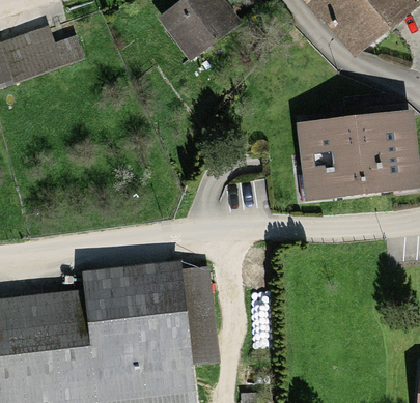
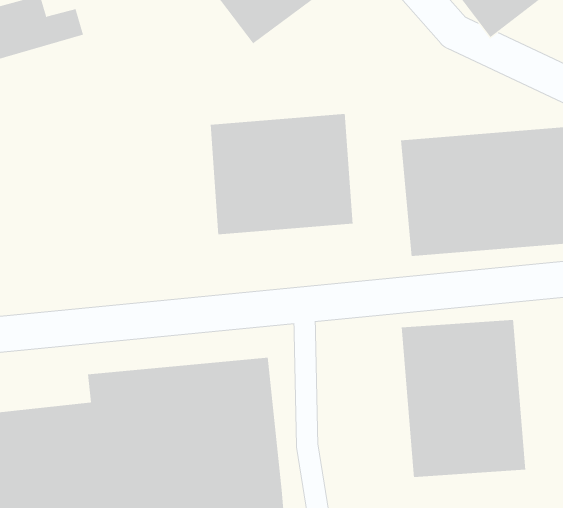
building: none -> [210,113,353,235]
building: none -> [401,319,526,478]

